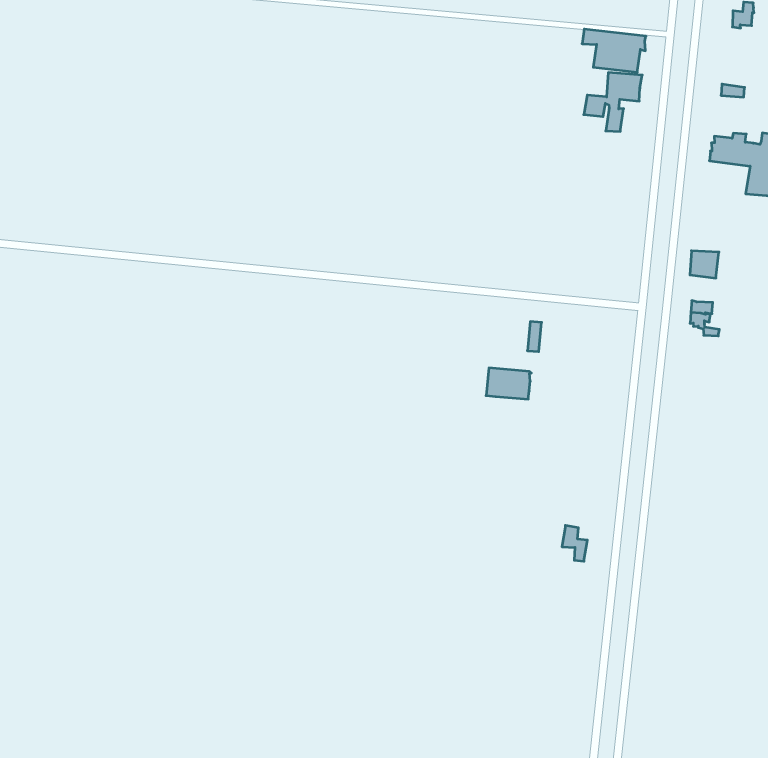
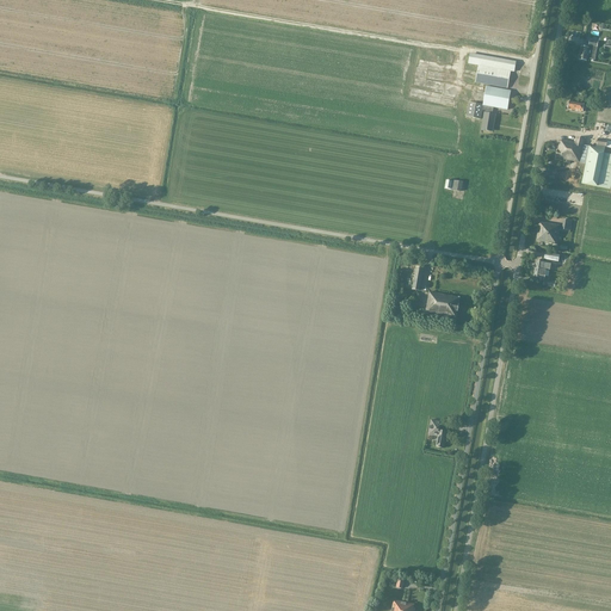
building: [486,368,531,399] -> [426,291,461,316]

